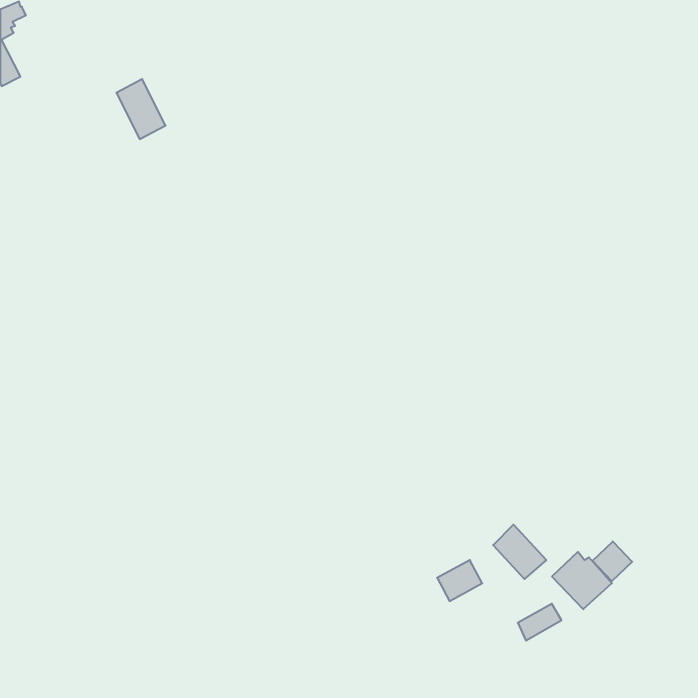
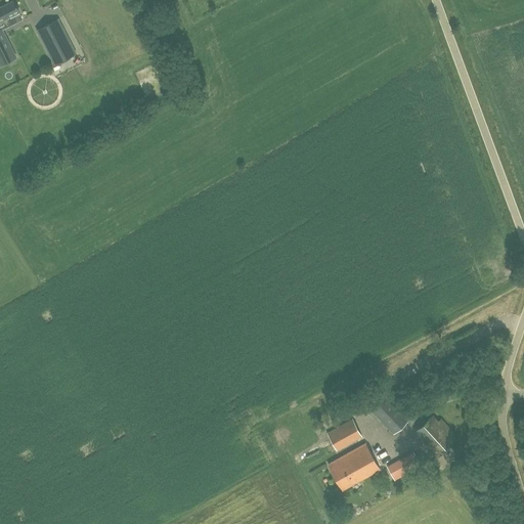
building: [116,79,166,139] -> [38,19,75,64]
building: [592,541,632,581] -> none
building: none -> [329,443,380,490]

